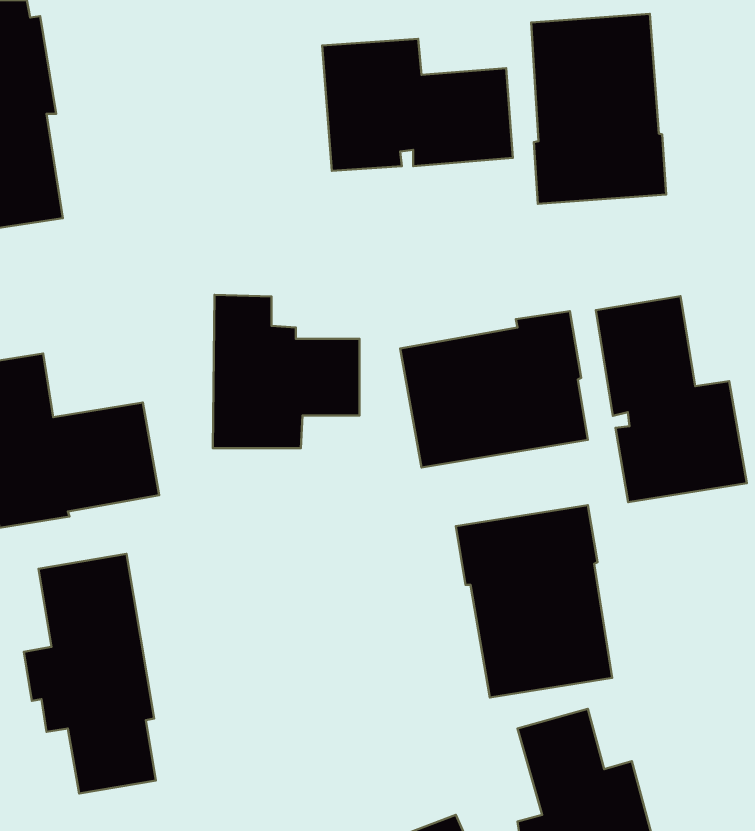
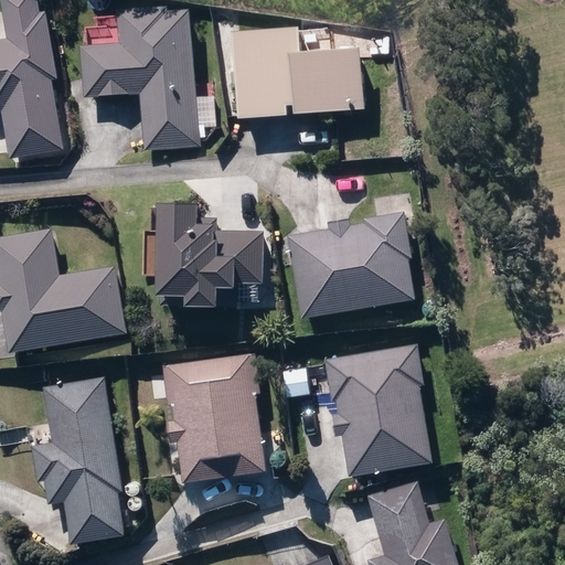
building: none -> [81,8,198,149]
building: [531,14,666,204] -> none
building: [596,296,747,502] -> none
building: none -> [161,352,264,479]

